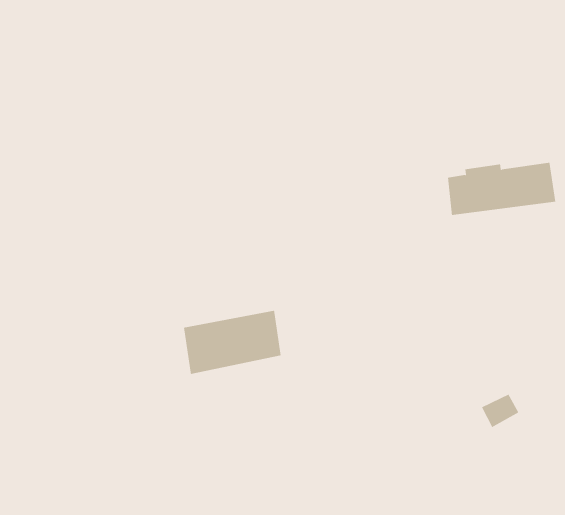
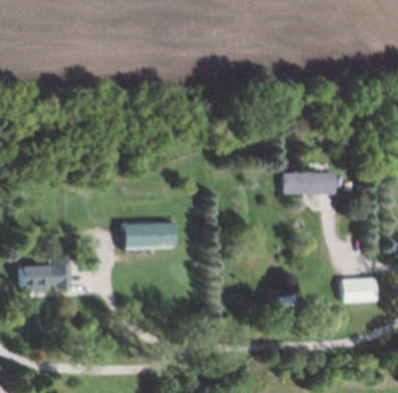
building: none -> [22,263,73,291]

